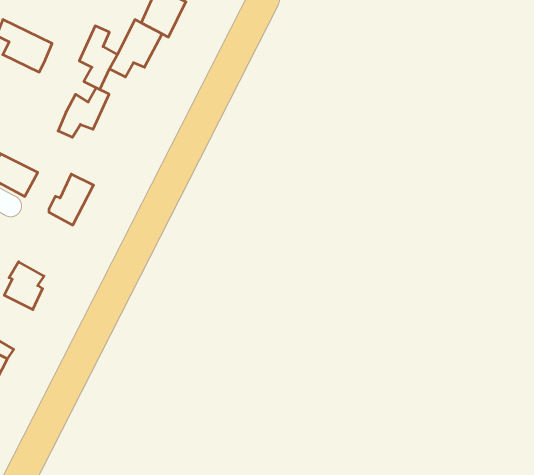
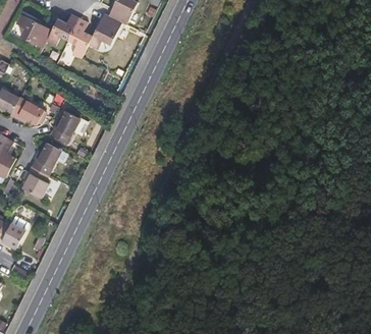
building: [58,88,109,137] -> [46,13,78,45]
building: none -> [30,145,58,177]

